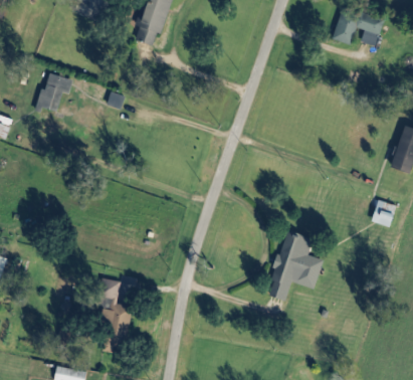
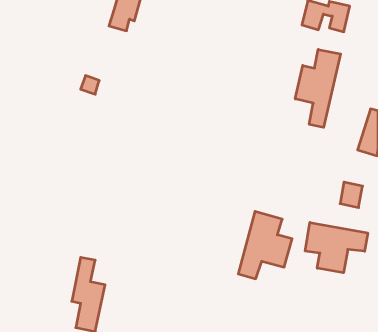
building: none -> [295,49,341,127]
building: [36,72,72,113] -> none
building: none -> [305,222,368,273]

